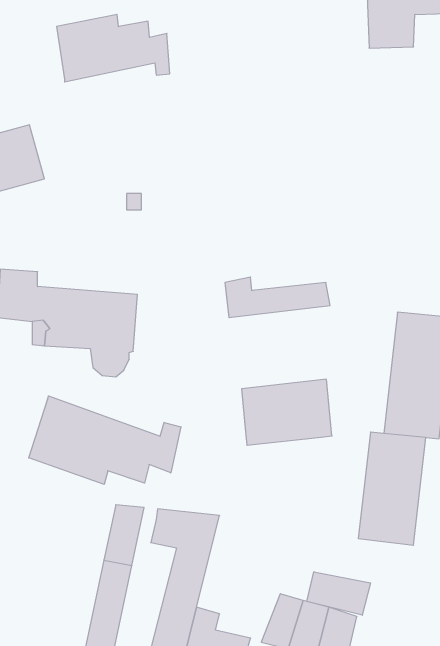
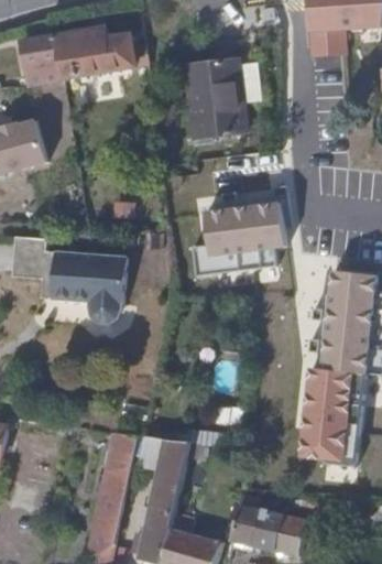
building: none -> [21,37,64,85]
building: none -> [189,62,245,137]
building: [242,379,332,445] -> [212,199,286,253]
building: [29,396,181,484] -> none
building: [307,572,371,615] -> none

